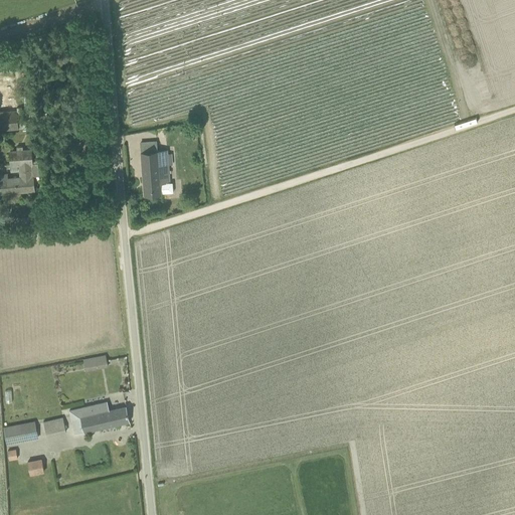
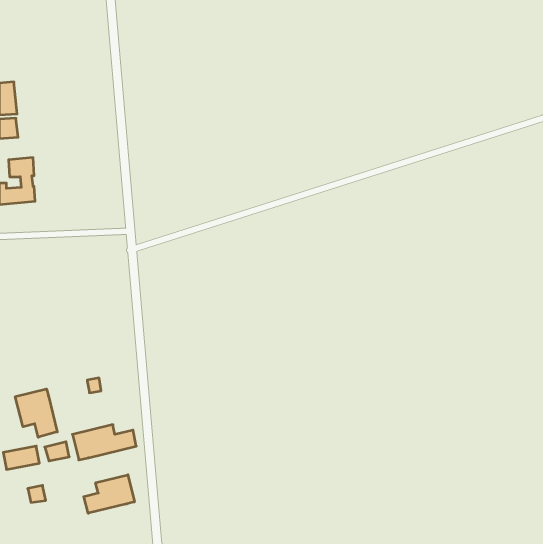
building: [140,150,172,195] -> none
building: none -> [15,389,57,437]
building: none -> [84,475,134,513]

